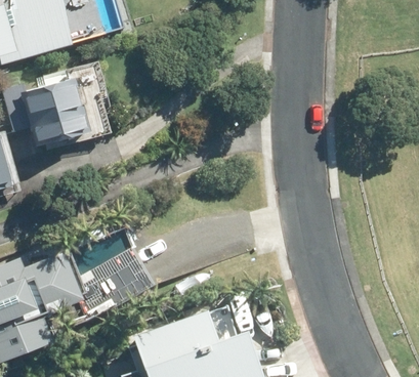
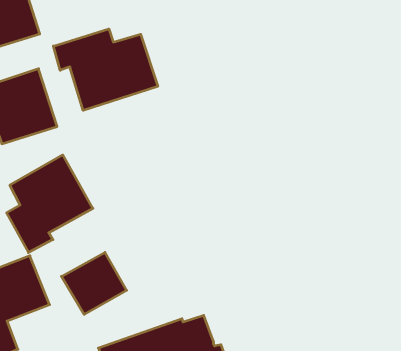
building: none -> [53,29,158,110]
building: none -> [7,155,93,253]

